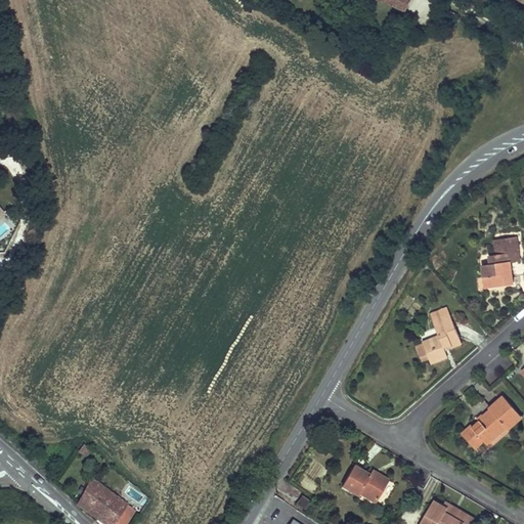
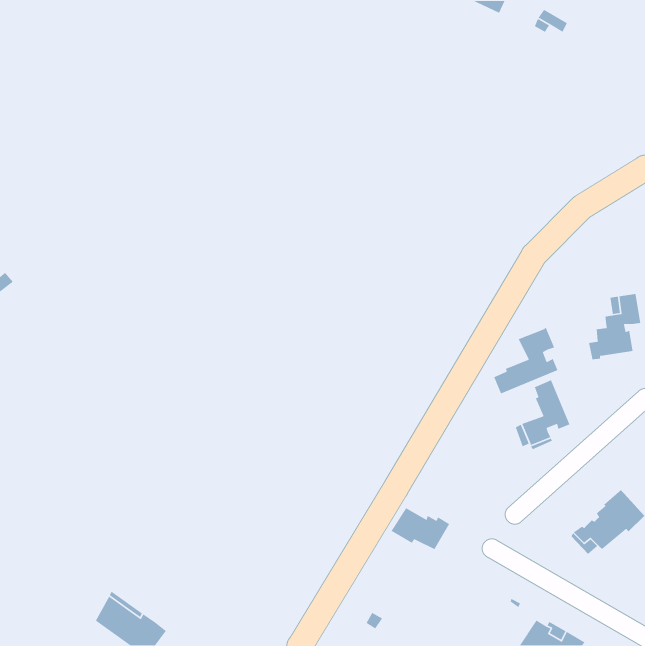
building: none -> [493,326,558,395]
building: [340,467,388,501] -> [391,507,450,550]

